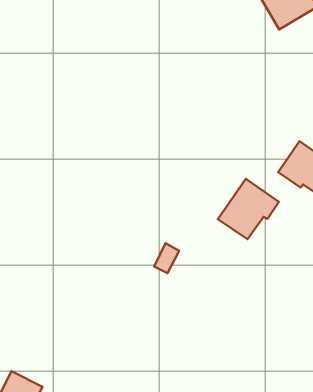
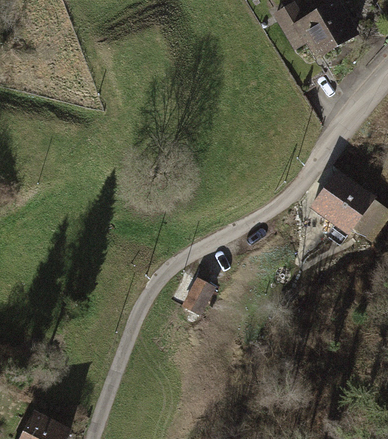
building: [218,179,279,239] -> none

